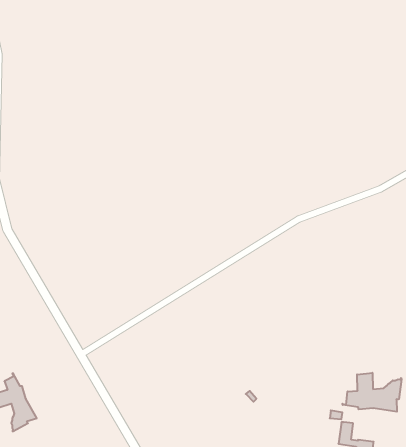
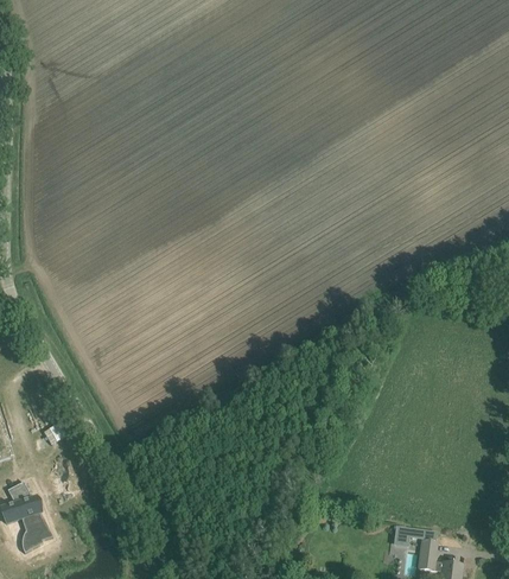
building: [342,373,401,412] -> none

